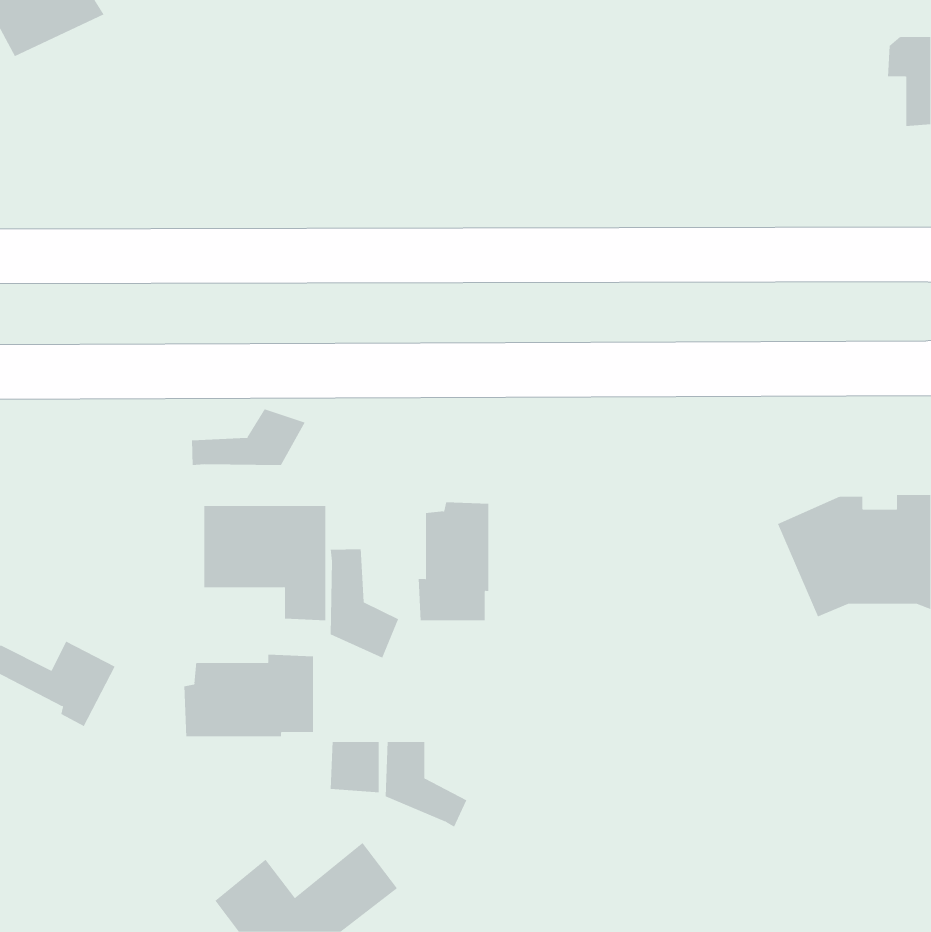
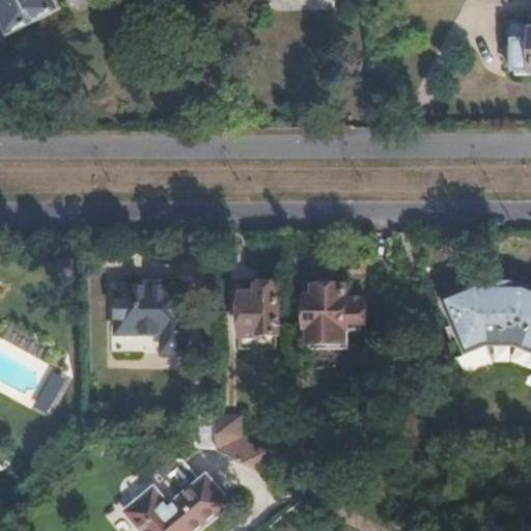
building: [192,408,305,466] -> none
building: none -> [304,285,363,350]
building: [330,549,399,658] -> none
building: [184,654,314,737] -> none

